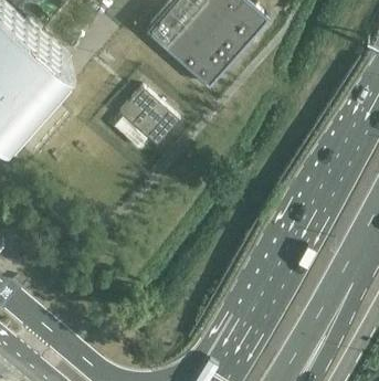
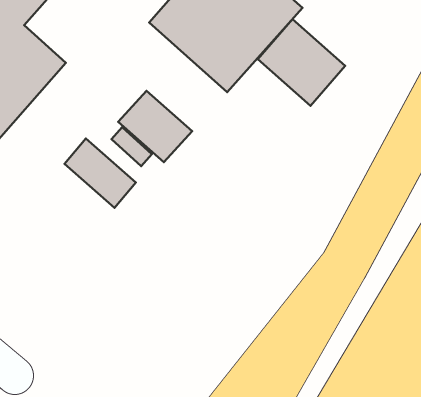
building: none -> [258,19,345,106]
building: none -> [65,138,136,208]

